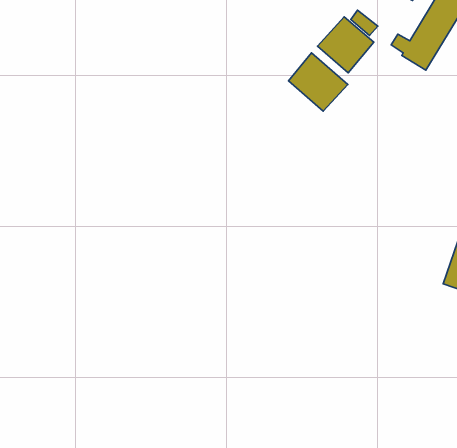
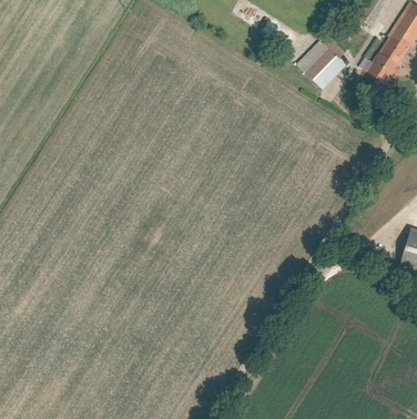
building: [289,53,348,111] -> none

